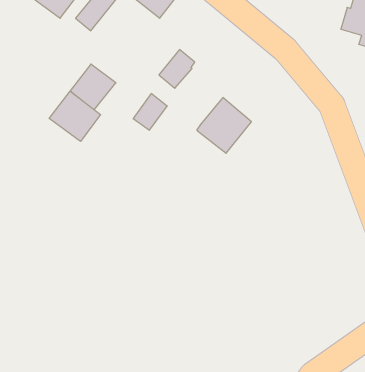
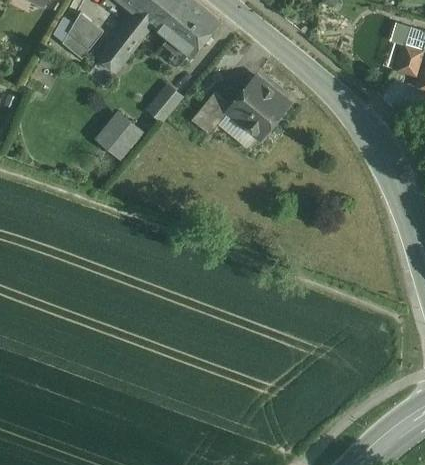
building: [49,91,101,141] -> none
building: [133,94,167,130] -> [145,81,183,122]
building: [197,98,251,153] -> [227,76,288,138]

